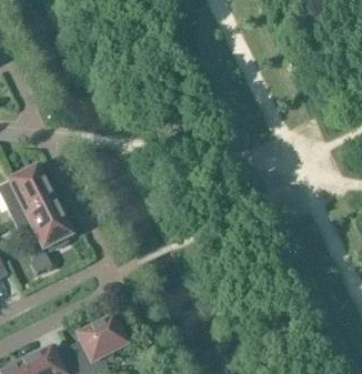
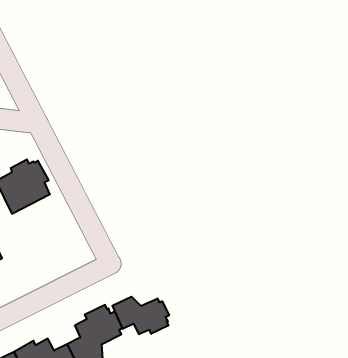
building: [14,201,74,250] -> none
building: none -> [112,297,169,334]

